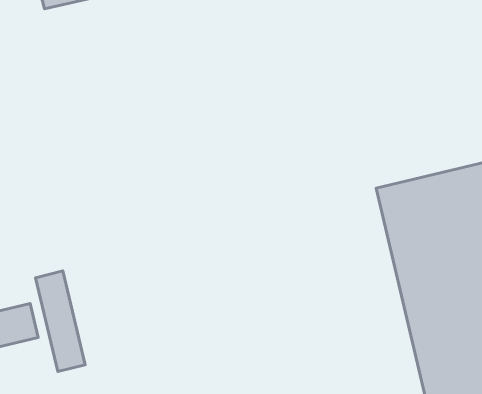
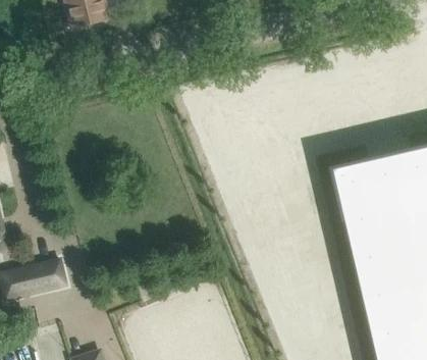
building: [35,271,85,372] -> none

